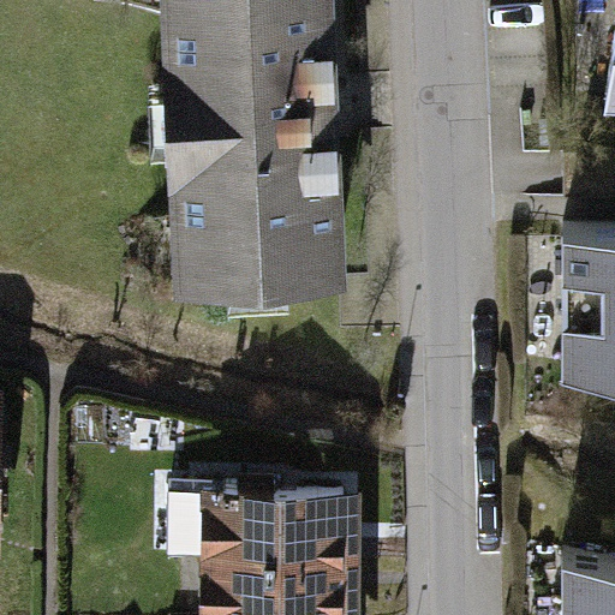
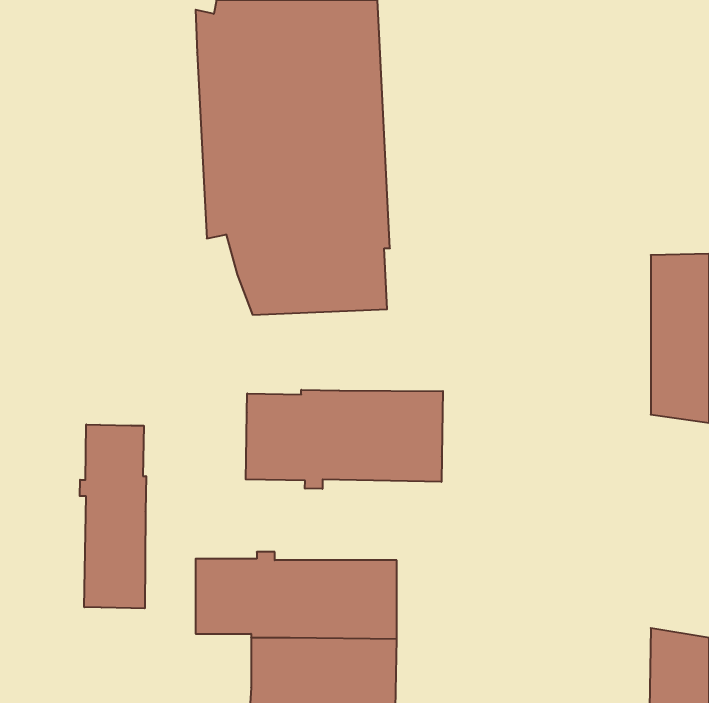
building: none -> [246,390,443,489]
building: none -> [80,424,146,608]

